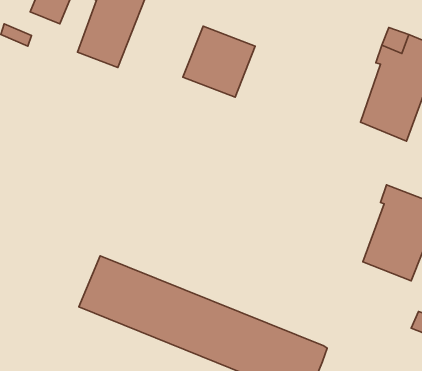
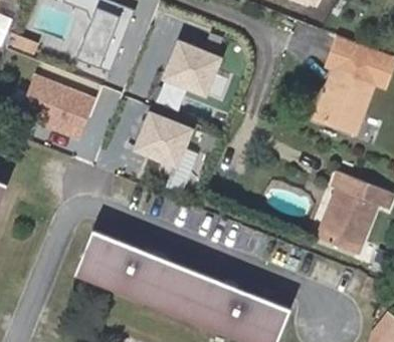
building: none -> [16,73,93,139]
building: none -> [134,108,196,169]

